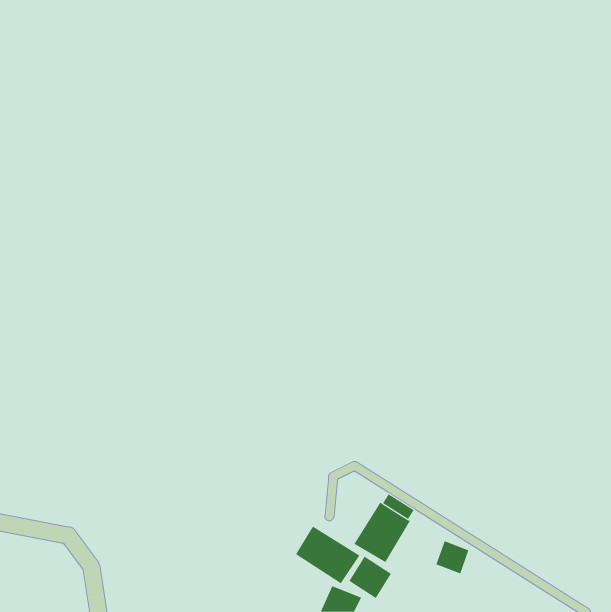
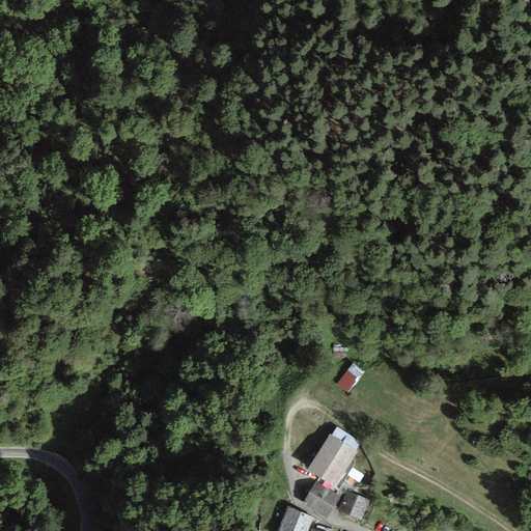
building: [295,526,360,584] -> none
building: [436,541,469,574] -> [338,492,367,521]

